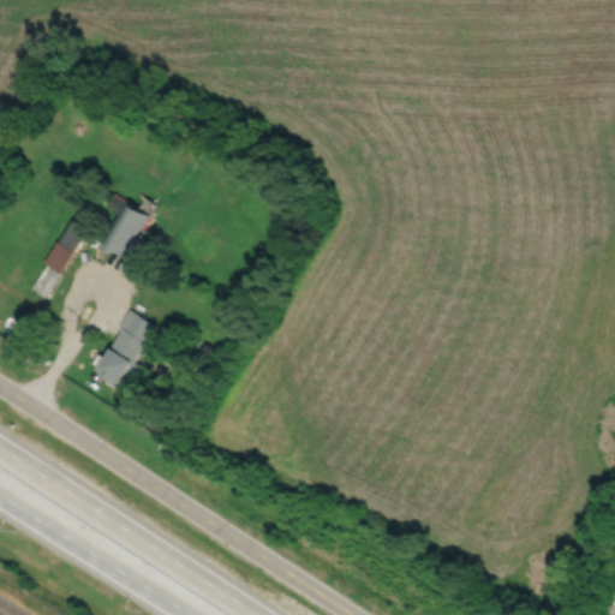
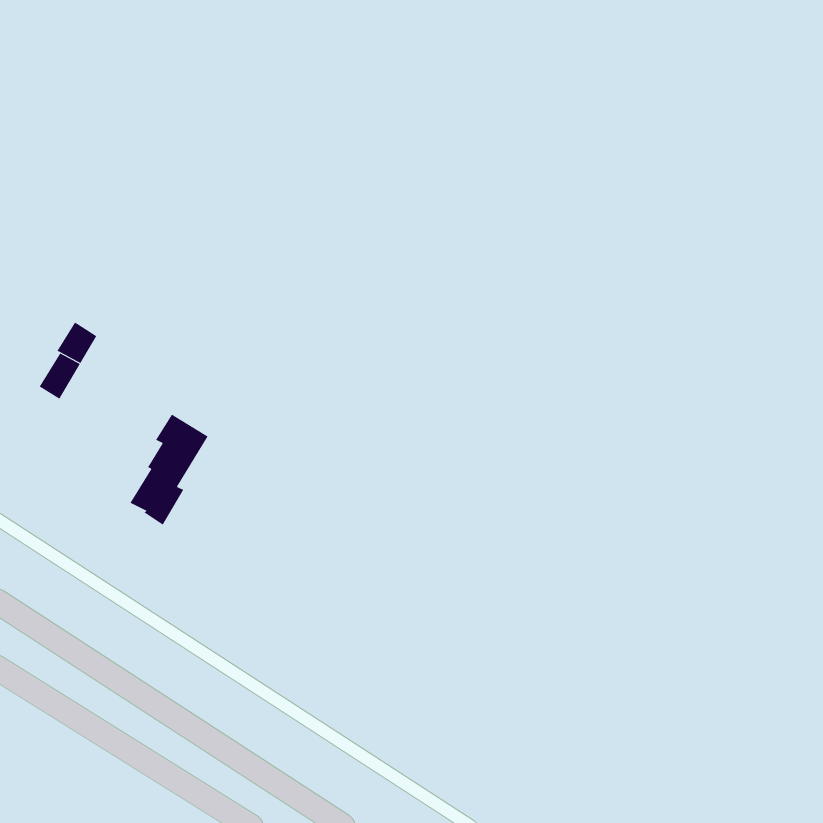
building: [102,203,150,257] -> none
building: [58,219,88,252] -> none

